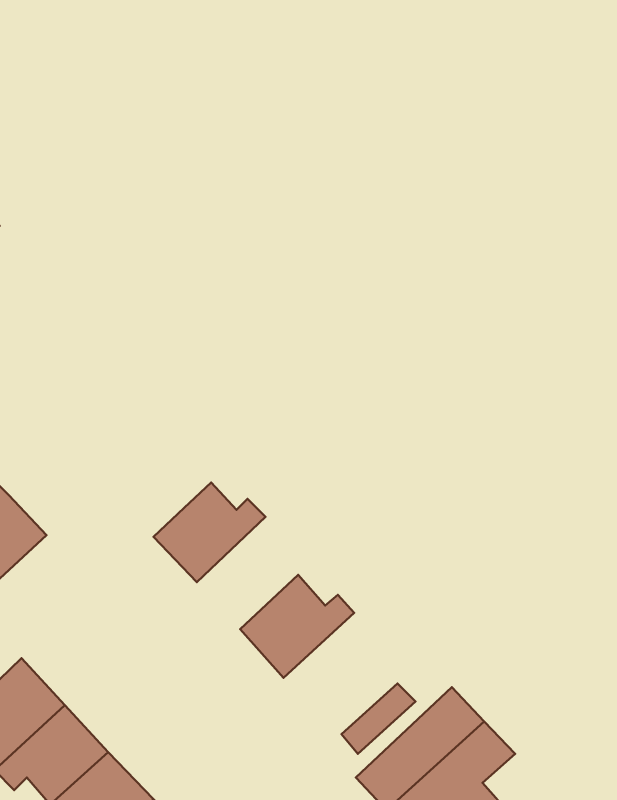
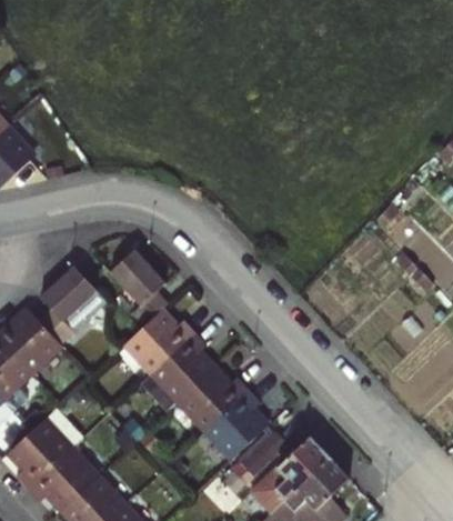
building: none -> [111,252,169,328]
building: none -> [37,267,94,344]
building: none -> [152,333,214,402]
building: none -> [205,392,268,460]

